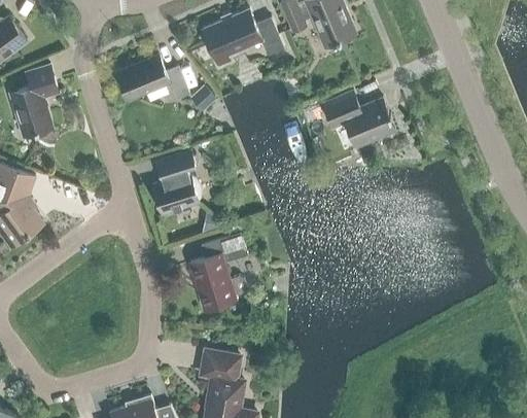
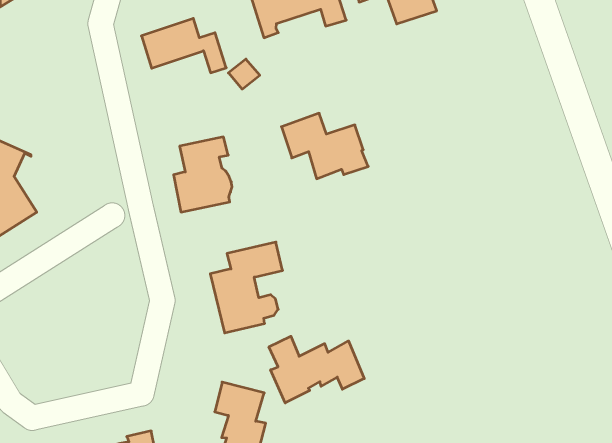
building: [9,66,58,138] -> none
building: [322,92,395,145] -> [281,113,368,179]
building: none -> [269,336,364,403]

